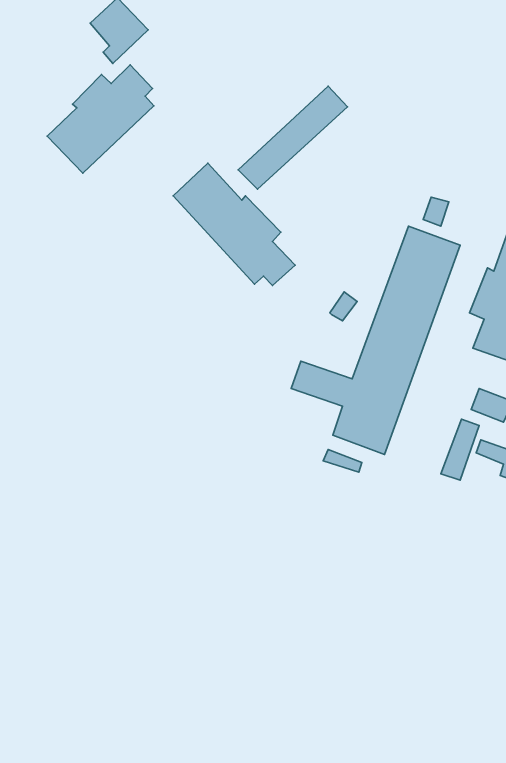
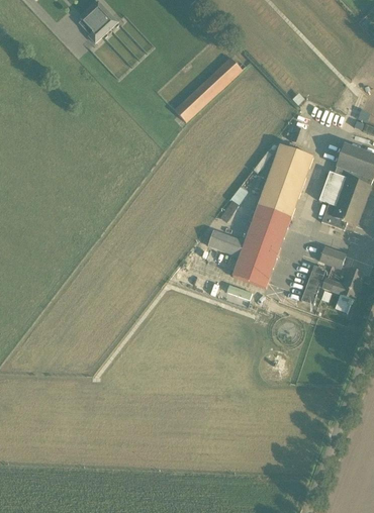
building: [47,65,154,173] -> none
building: [173,163,295,285] -> none

